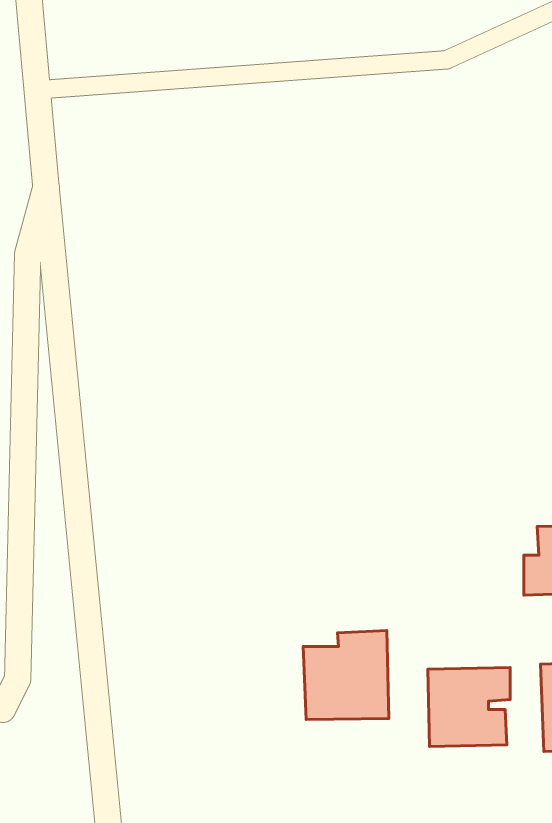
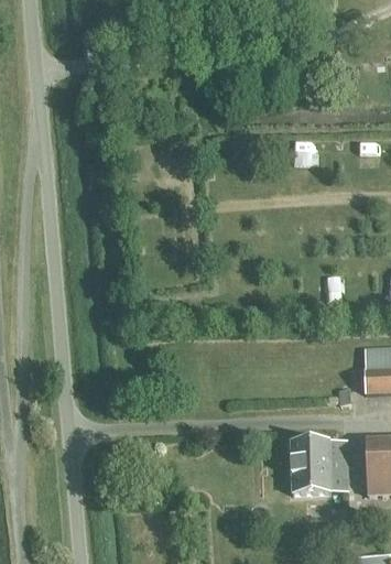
building: [303,631,389,719] -> none

